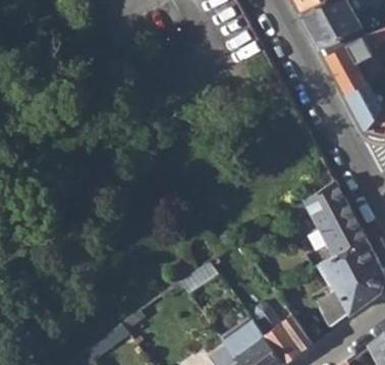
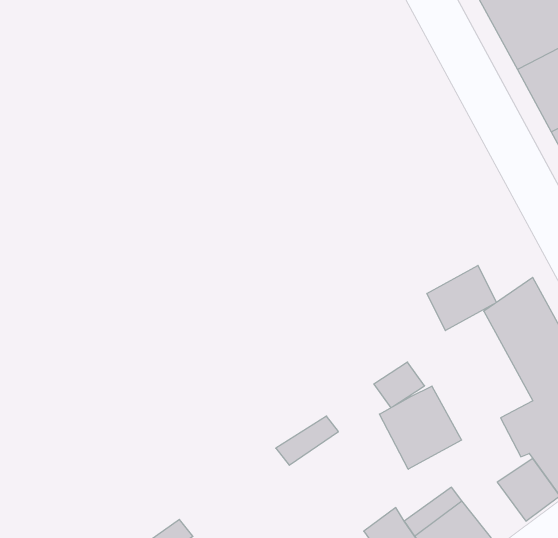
building: none -> [427,265,496,331]
building: none -> [379,386,462,469]

